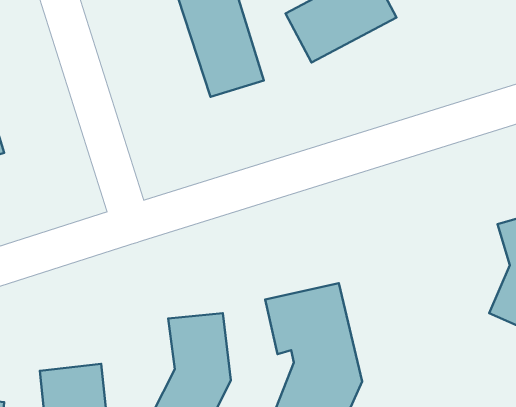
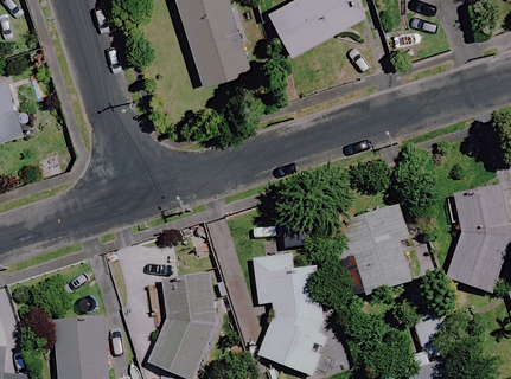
building: none -> [326,204,413,295]

